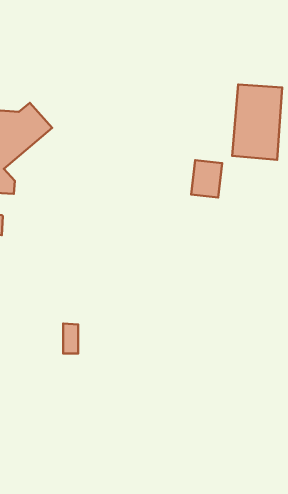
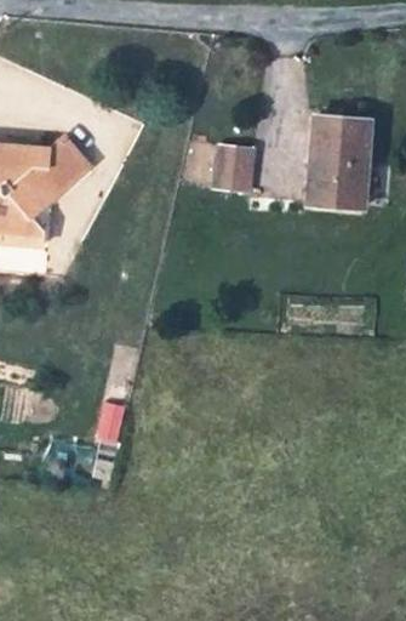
building: [191,160,222,197] -> [215,146,252,190]

